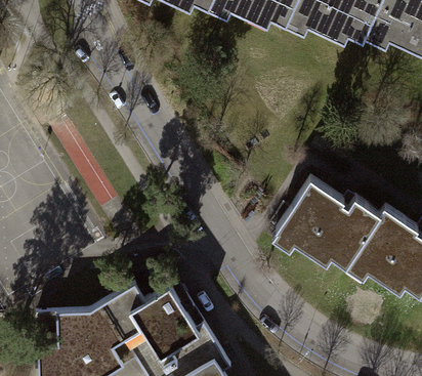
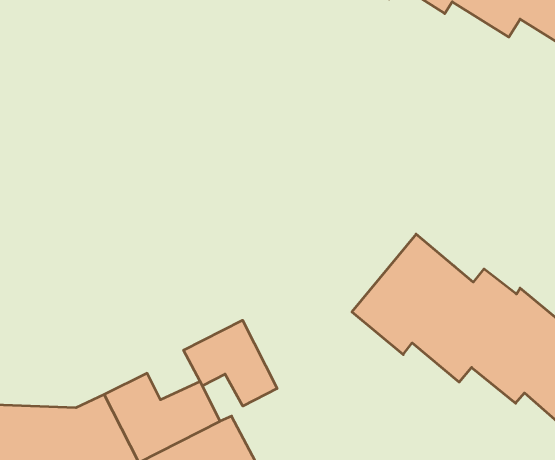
building: none -> [184,320,277,406]

